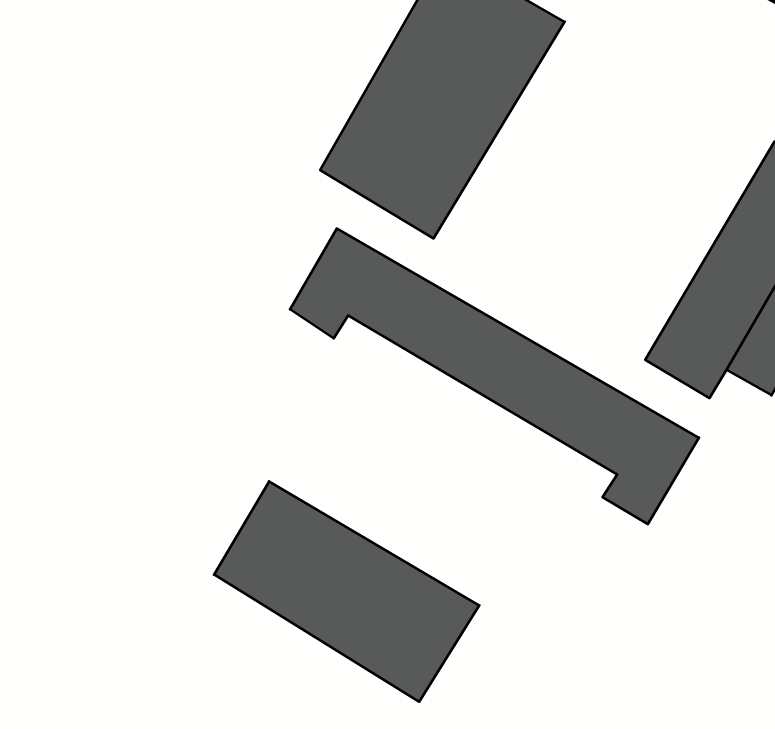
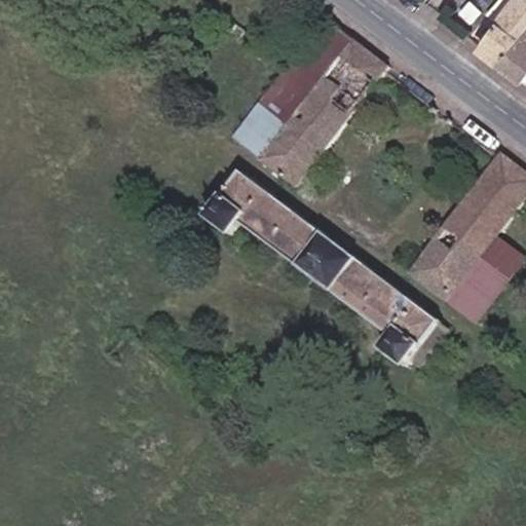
building: [214,481,479,702] -> none

